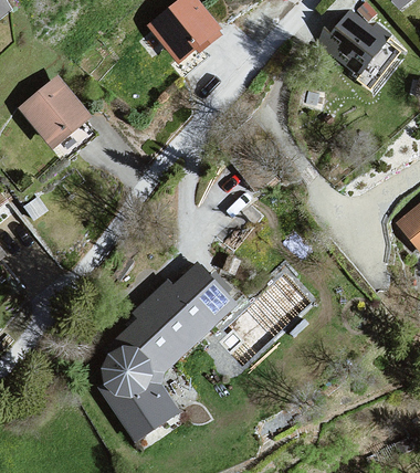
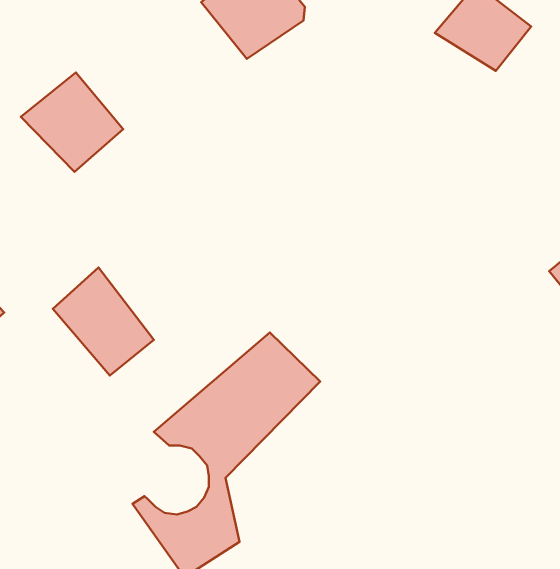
building: none -> [53,268,154,376]
building: [104,345,154,395] -> none

